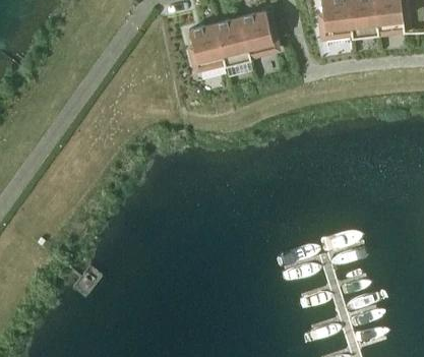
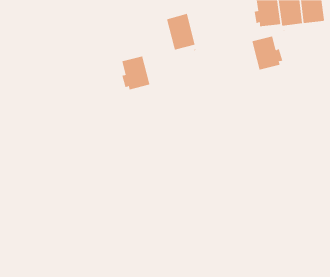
building: [240,10,278,60] -> [251,36,283,78]
building: [189,23,226,66] -> [121,56,152,92]

